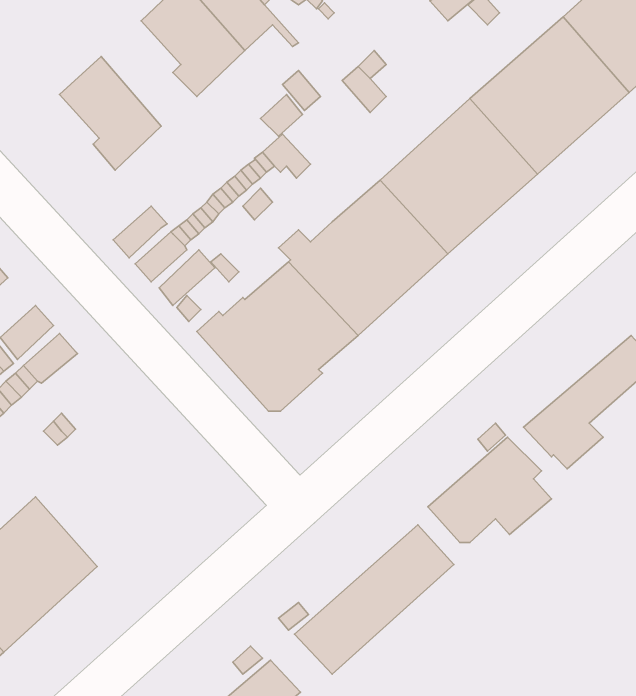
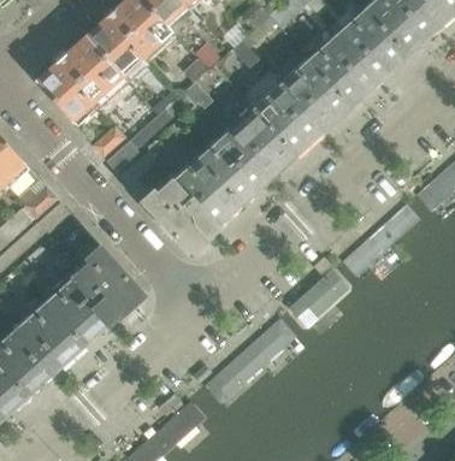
building: none -> [87,13,144,77]
building: none -> [36,58,95,122]
building: none -> [47,247,143,343]

